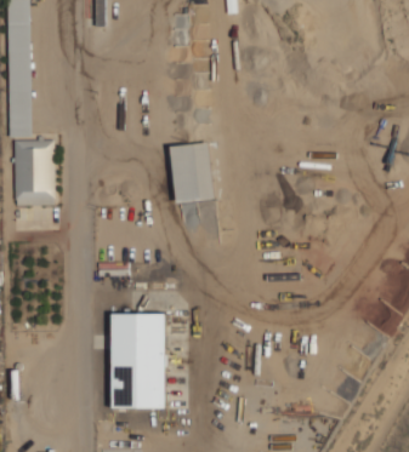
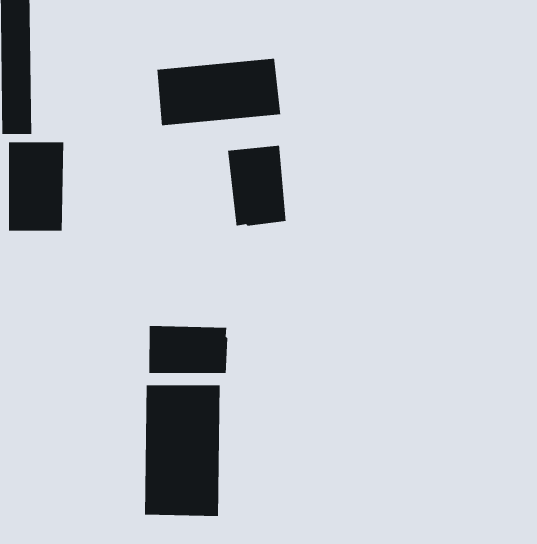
building: none -> [157,58,281,126]
building: none -> [148,325,228,374]

